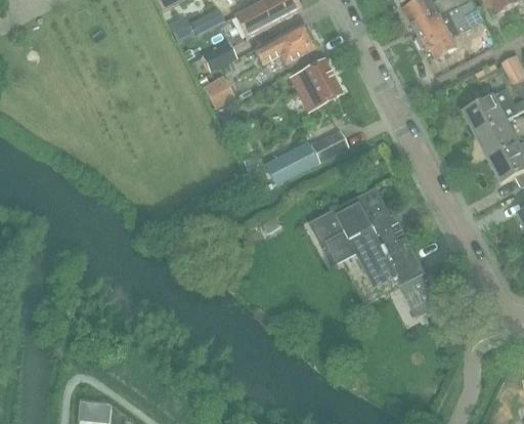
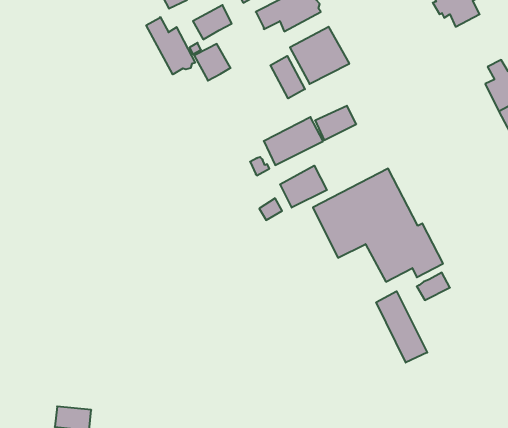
building: none -> [146,17,195,74]
building: none -> [270,56,305,98]
building: none -> [280,166,327,208]
building: none -> [376,291,427,363]

